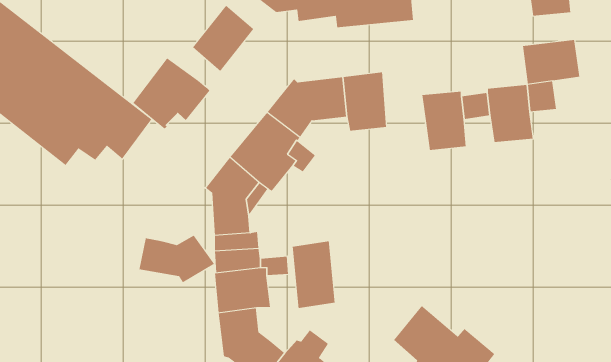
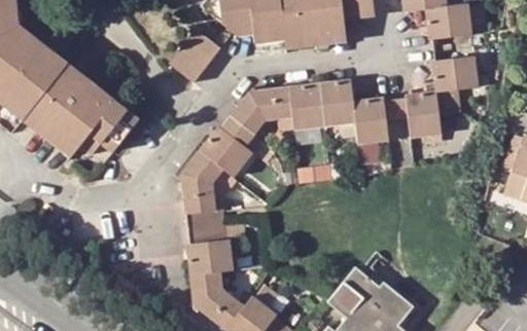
building: [132,57,210,130] -> none
building: none -> [322,78,356,125]
building: [139,235,215,283] -> none
building: [292,241,335,309] -> none

